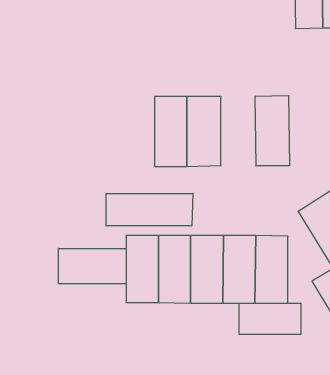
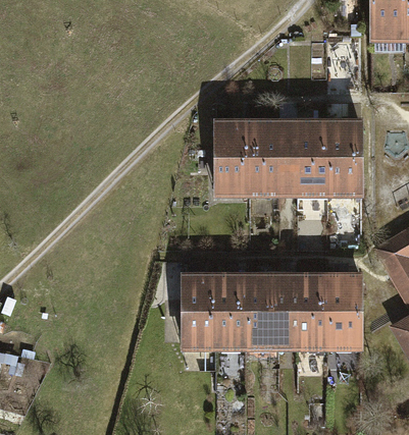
building: none -> [287,121,325,198]
building: [106,193,193,226] -> none
building: [59,248,126,284] -> none
building: [239,303,301,334] -> none

